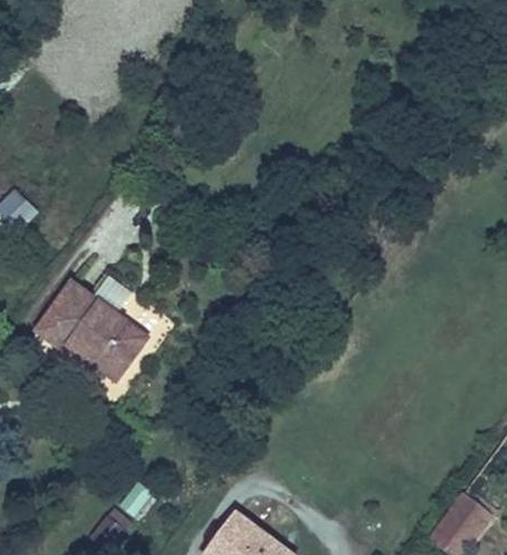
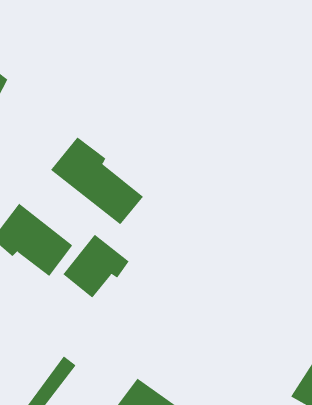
building: none -> [50,136,144,225]
building: none -> [63,234,129,298]

